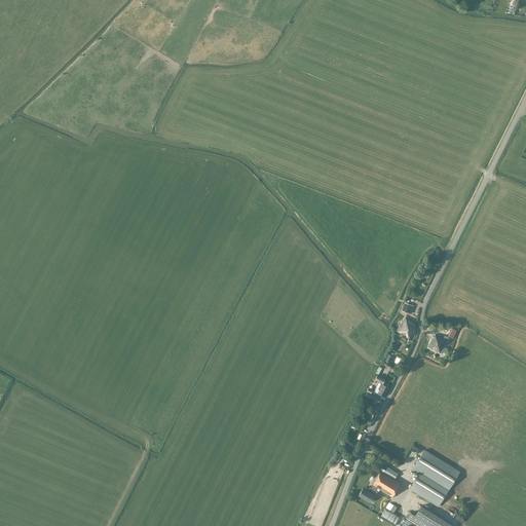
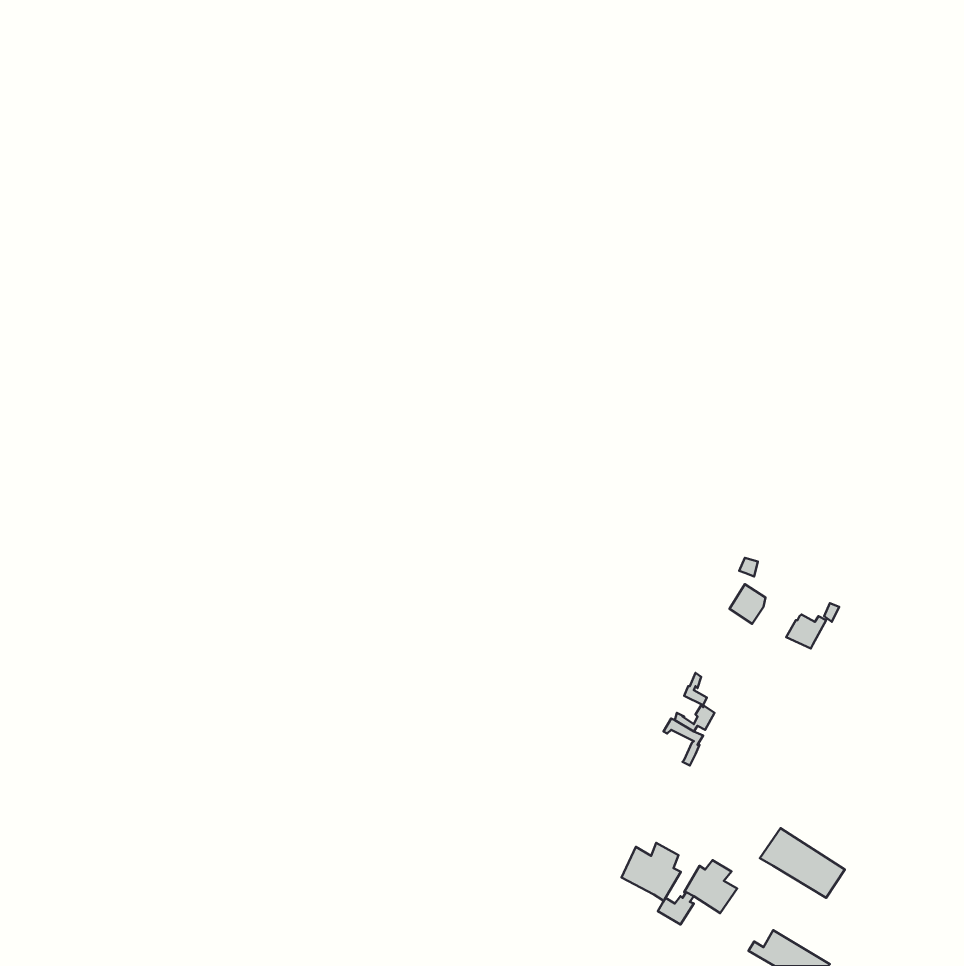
building: none -> [621,843,681,902]
building: [410,471,450,506] -> none

